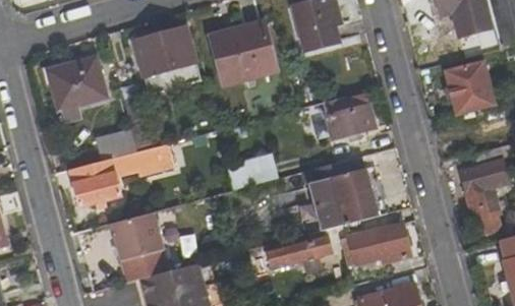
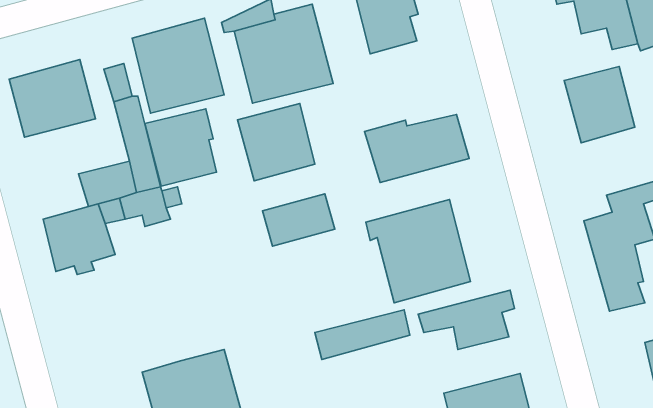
building: none -> [238,103,315,181]
building: none -> [145,109,216,186]
building: [110,211,168,283] -> none

